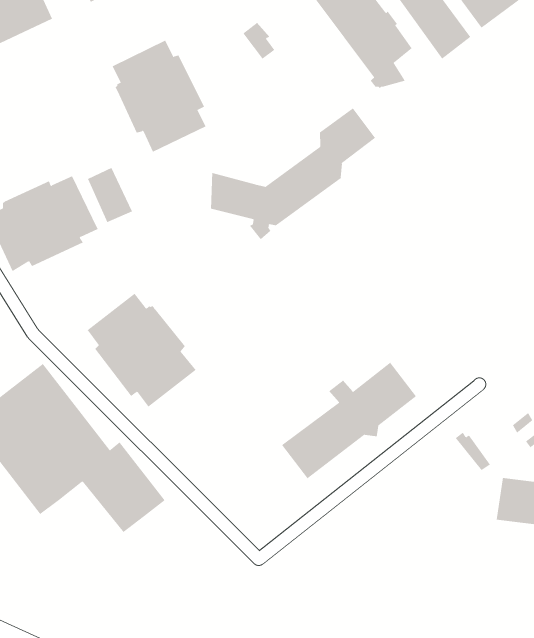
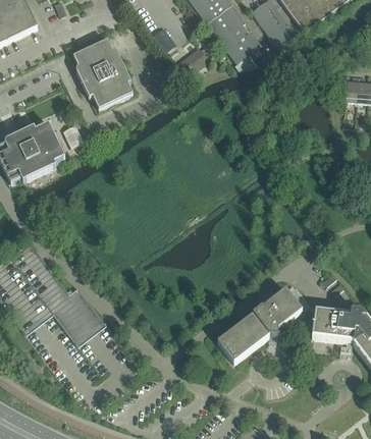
building: none -> [178,44,211,74]
building: [211,108,376,240] -> none
building: [87,293,196,408] -> none
building: [281,362,417,479] -> [217,287,302,361]

